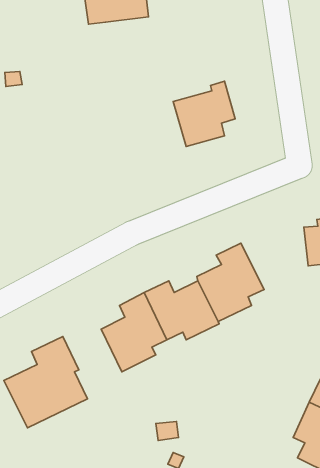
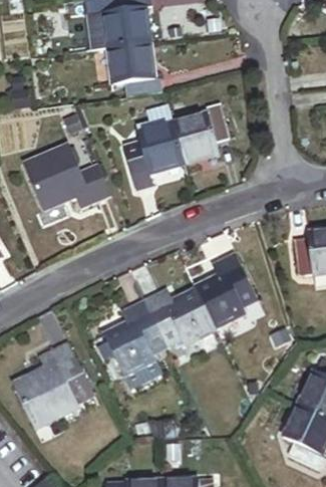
building: none -> [108,42,162,97]
building: none -> [126,105,184,182]
building: none -> [24,145,110,209]

